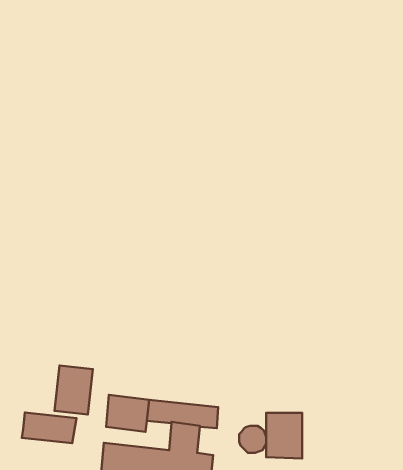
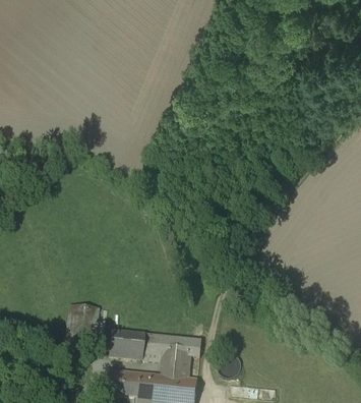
building: [22,413,77,443] -> none
building: [266,413,302,459] -> none

